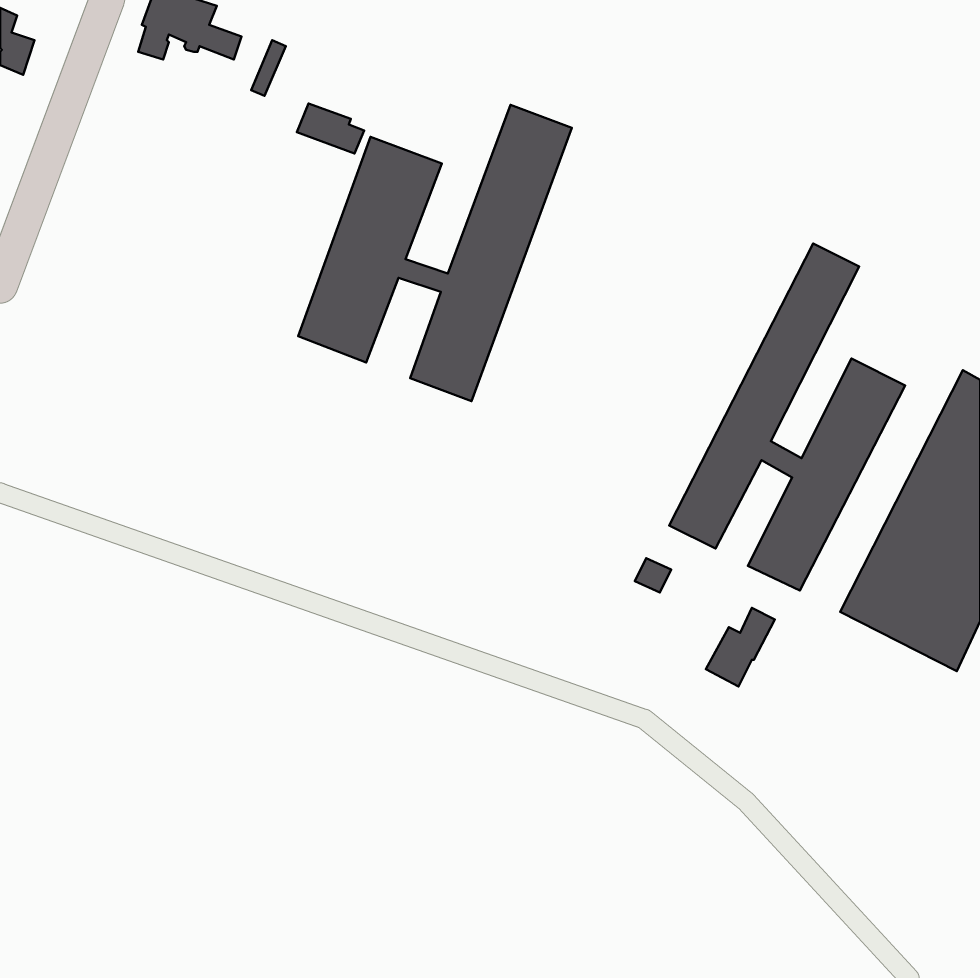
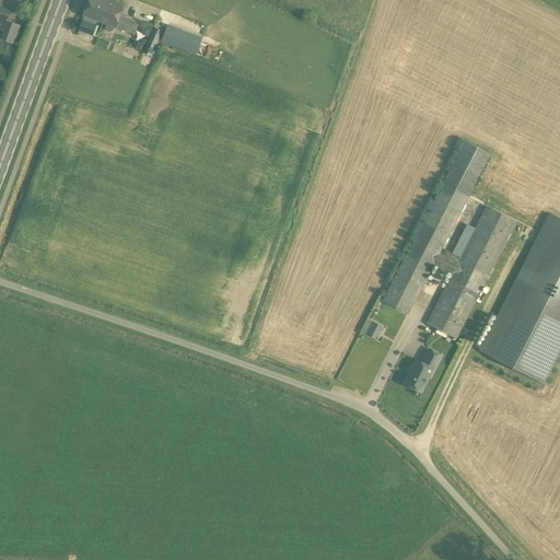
building: [297,104,364,153] -> [162,24,200,52]
building: [298,105,572,401] -> none

